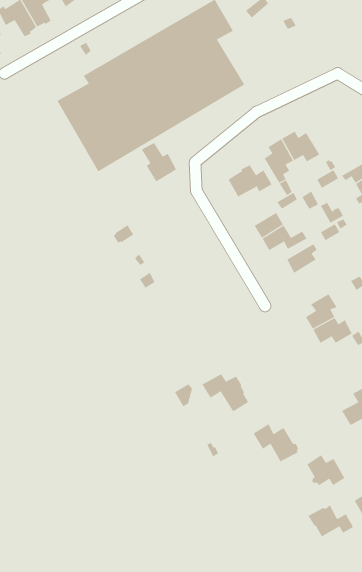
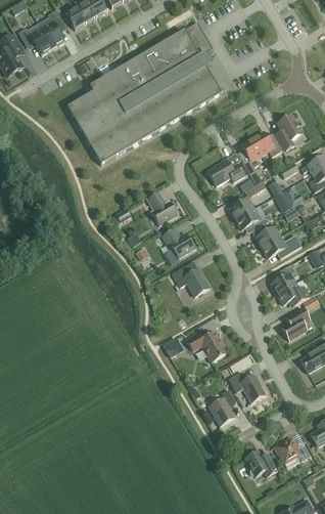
building: none -> [277,115,303,152]
building: [141,142,177,182] -> [147,192,177,225]
building: none -> [161,228,196,258]
building: none -> [262,234,301,258]
building: none -> [172,261,210,296]
building: none -> [282,308,310,340]
building: none -> [208,389,235,426]
building: [306,455,345,486] -> [245,451,277,476]

